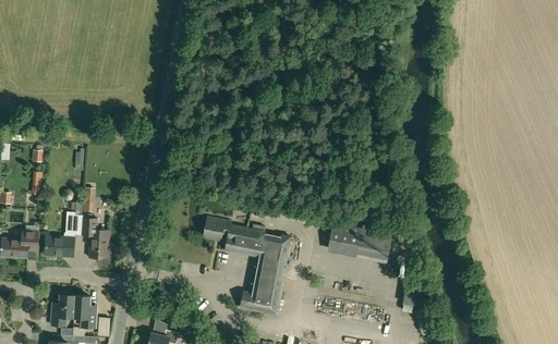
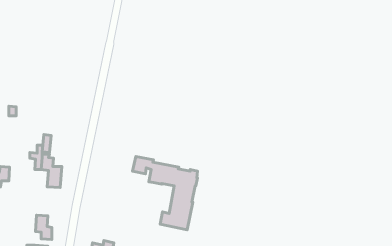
building: [328,223,392,251] -> none
building: [45,237,74,257] -> none
building: [51,293,74,327] -> none

